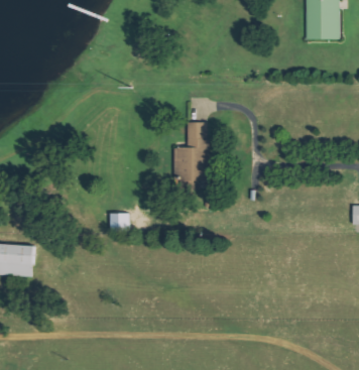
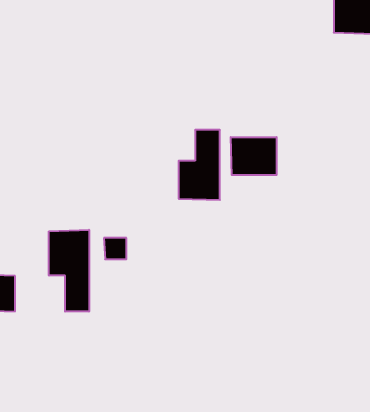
building: none -> [231,137,277,175]
building: none -> [49,230,89,312]

